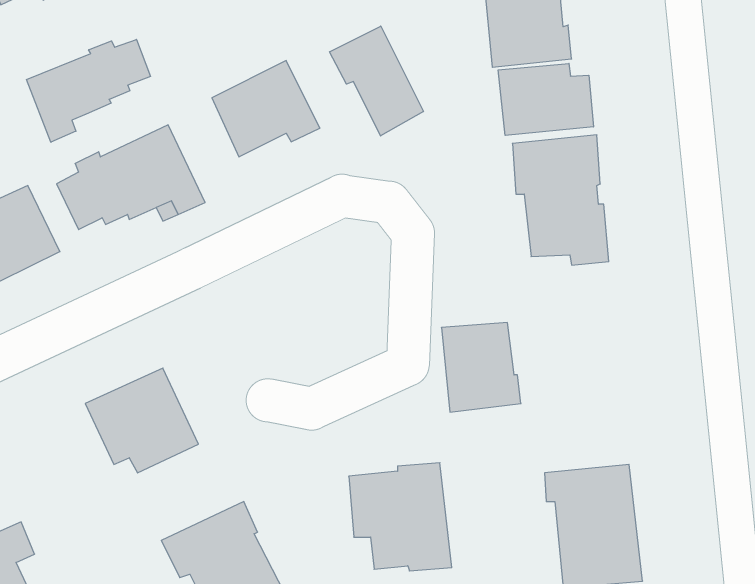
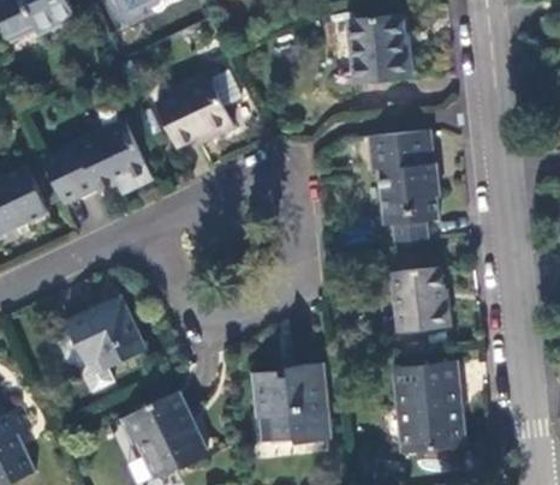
building: [330,26,423,136] -> none
building: [26,39,151,142] -> none
building: [498,63,593,135] -> none
building: [441,323,521,412] -> [394,270,451,334]

